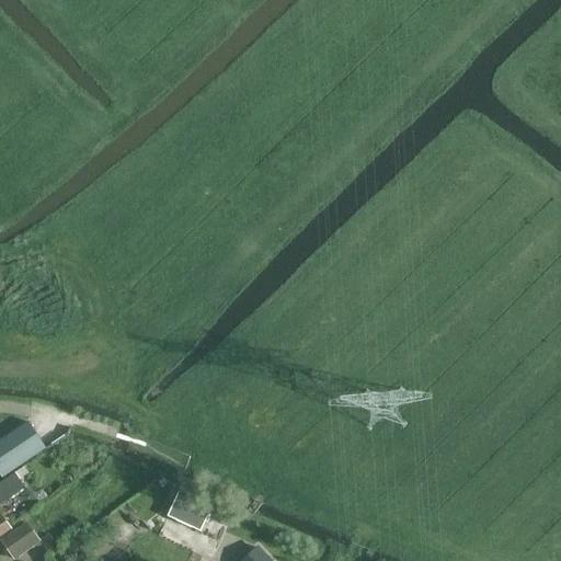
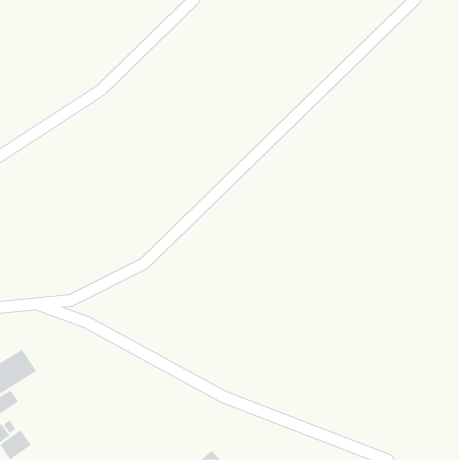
building: [165,493,210,533] -> none

